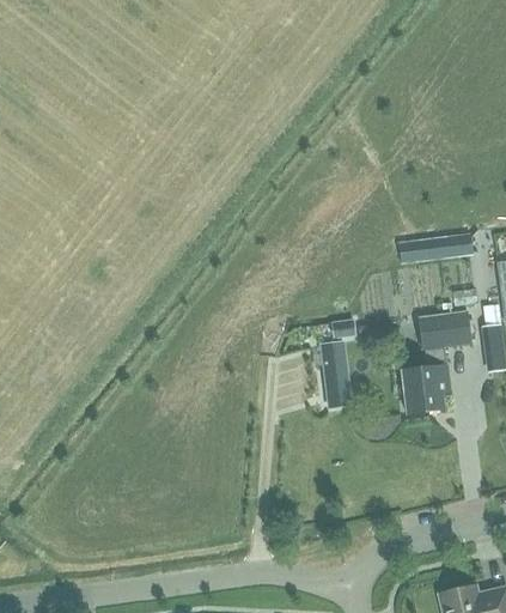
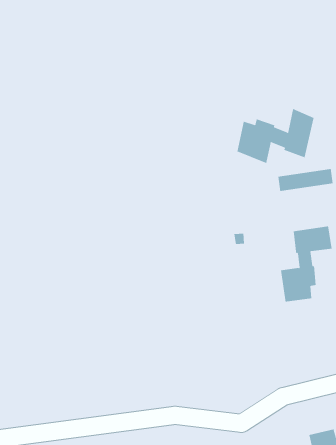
building: none -> [237,108,314,164]
building: [322,341,350,406] -> none

